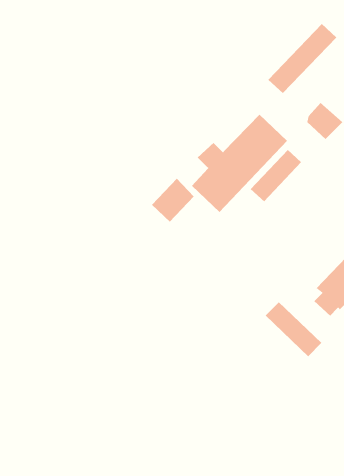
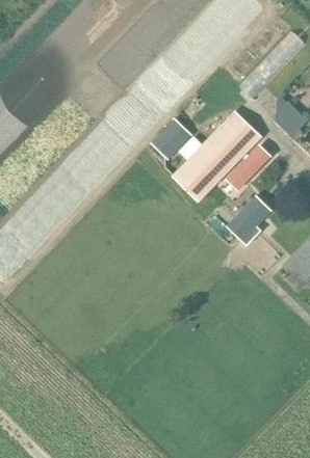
building: [151,178,195,222] -> [152,118,190,158]
building: none -> [227,195,272,241]
building: [265,302,322,357] -> none

